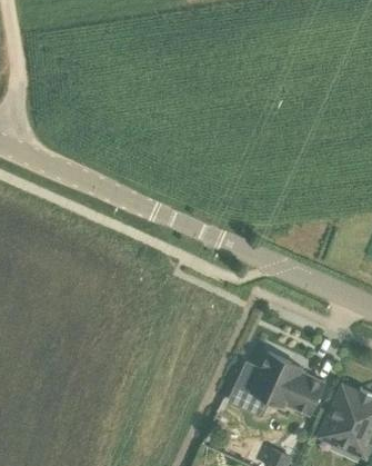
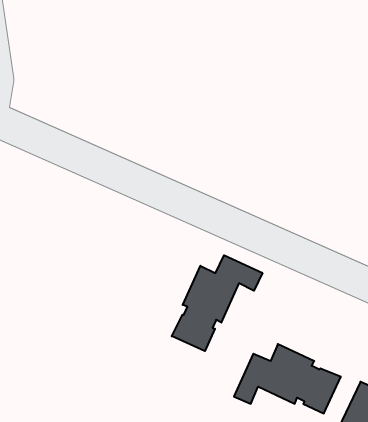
building: none -> [172,255,262,351]

